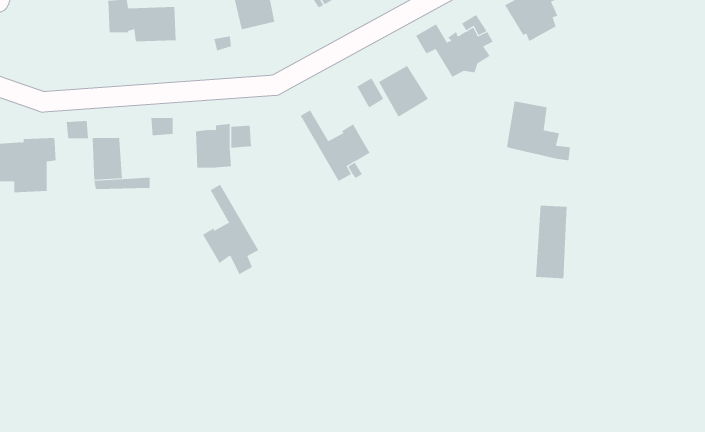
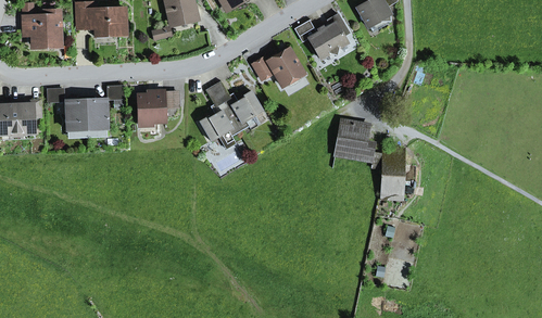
building: none -> [24,10,61,43]
building: [506,101,571,161] -> [336,120,381,163]
building: none -> [86,96,108,129]
building: [202,184,259,275] -> [200,85,240,149]

